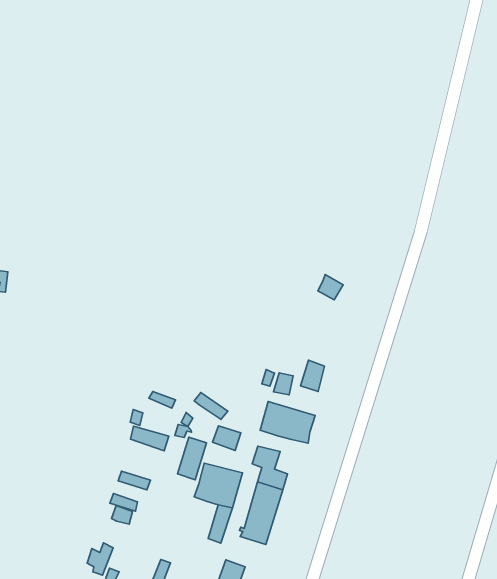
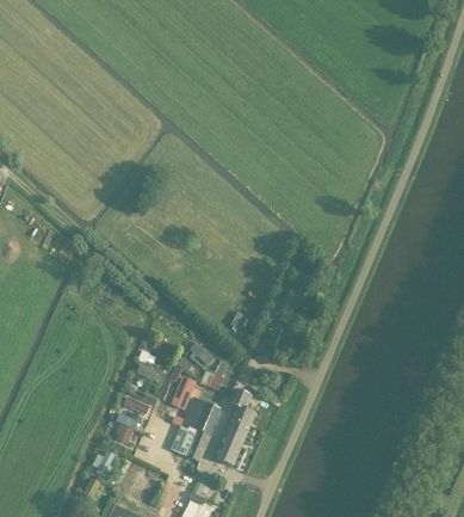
building: [260,401,315,443] -> none
building: none -> [169,425,198,456]

